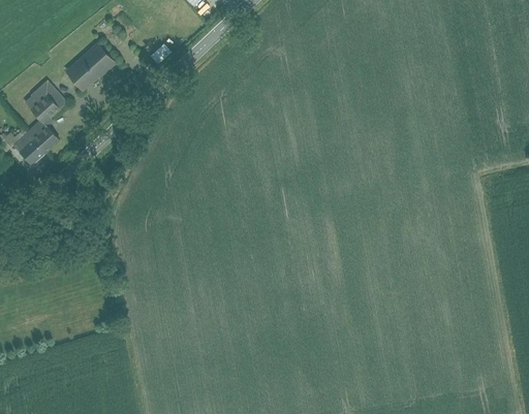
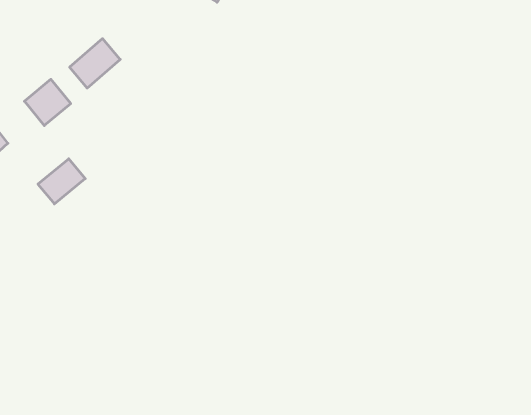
building: [13,124,58,166] -> [38,159,85,204]

